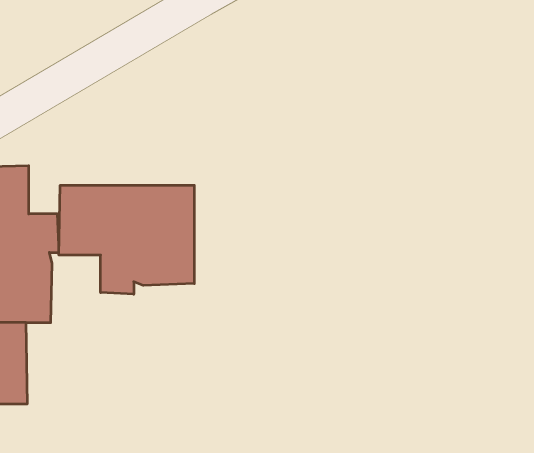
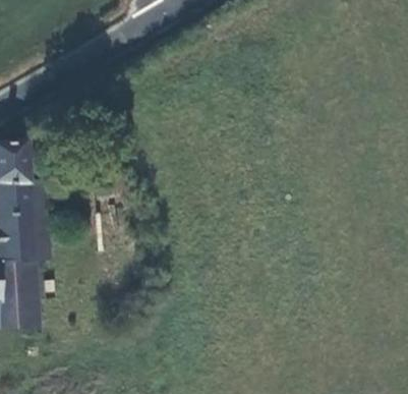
building: [59,185,194,294] -> none

